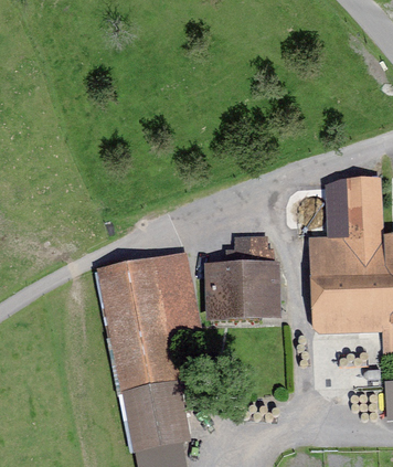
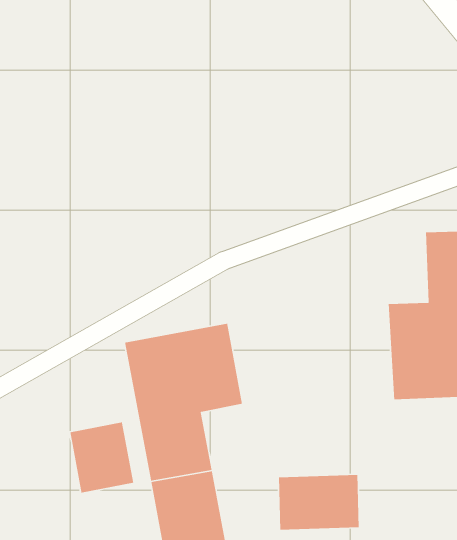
building: [209,270,274,316] -> [278,474,359,531]
building: none -> [69,422,134,494]

